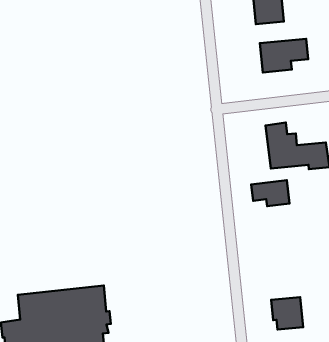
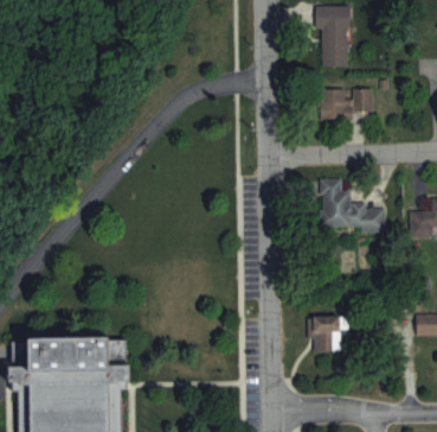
building: [251,180,290,206] -> none
building: [271,297,303,330] -> [308,317,340,350]

